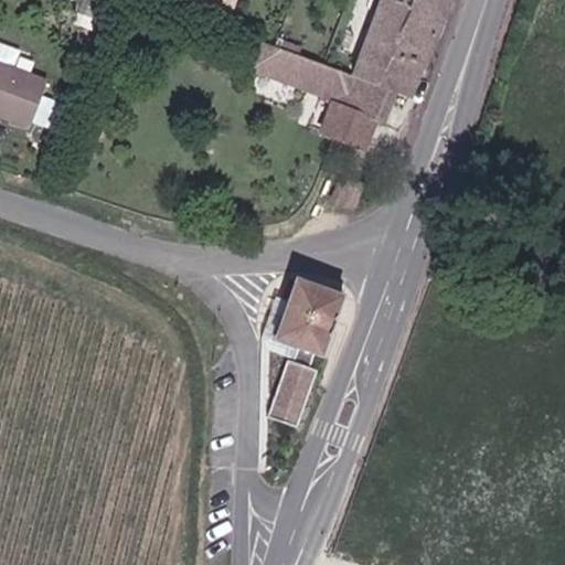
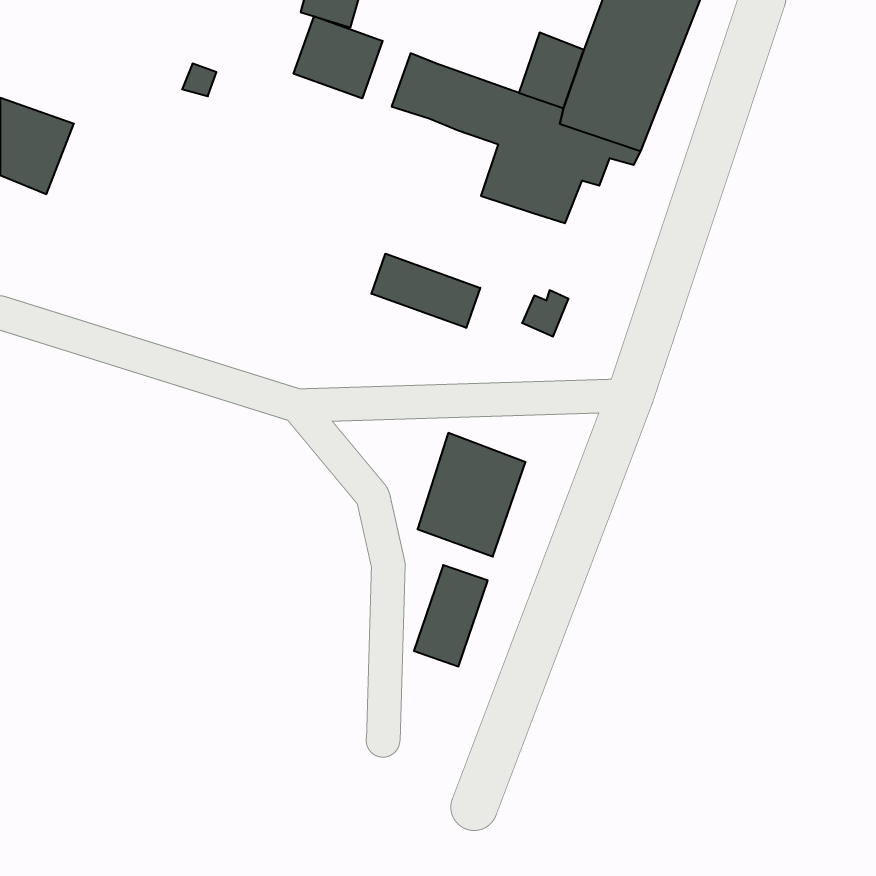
building: none -> [294,16,383,98]
building: none -> [371,254,480,328]

